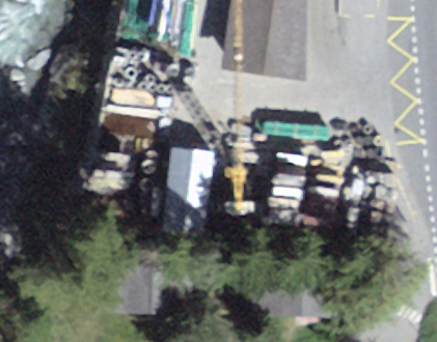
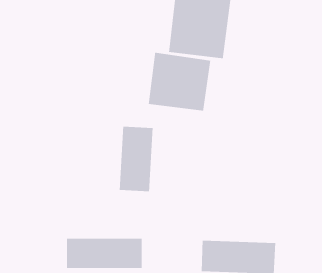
building: none -> [148,52,211,112]

